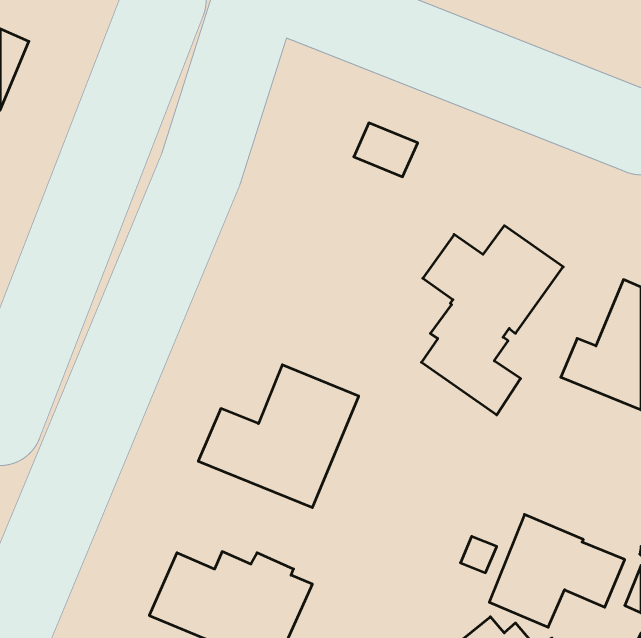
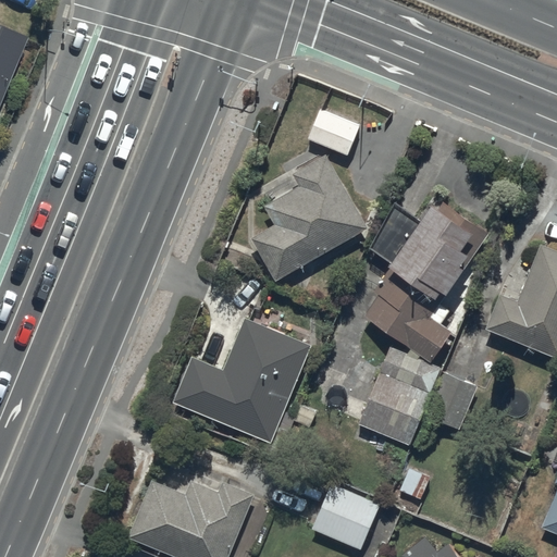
building: none -> [251,153,368,280]
building: [489,514,625,627] -> [359,347,476,445]
building: none -> [312,483,381,550]

